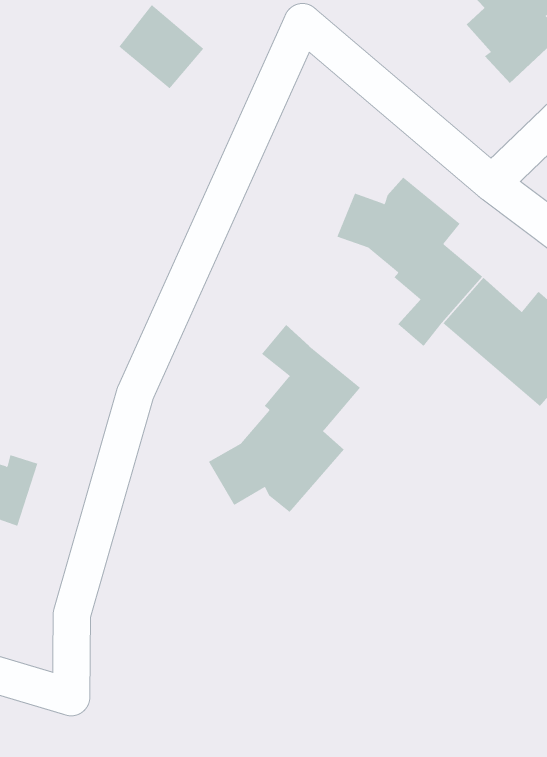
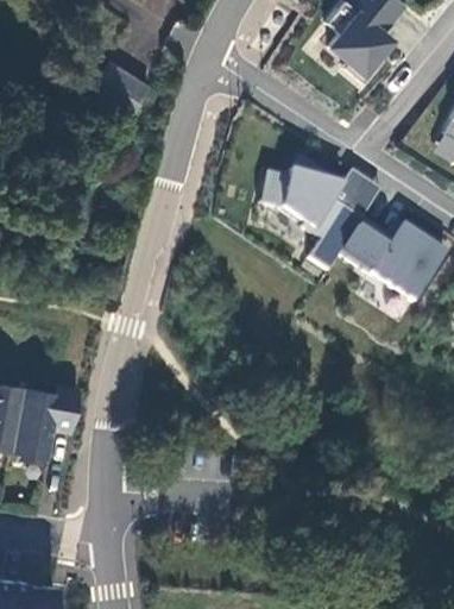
building: none -> [334,169,383,218]
building: [208,324,361,513] -> none

